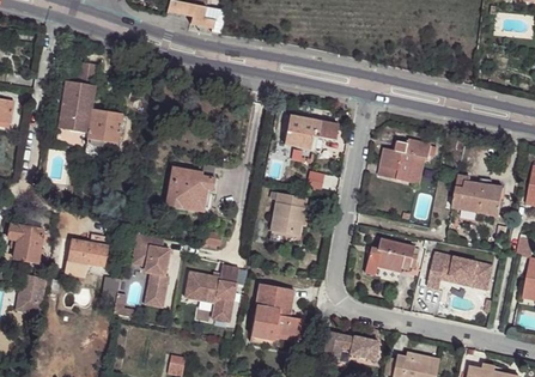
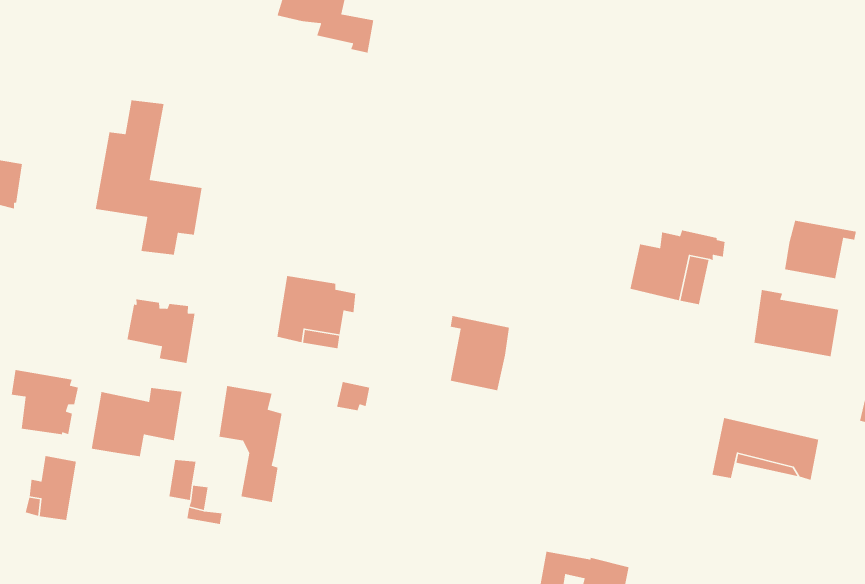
building: [281,114,339,147] -> none
building: none -> [784,220,857,279]
building: none -> [126,298,195,364]
building: [365,238,418,274] -> none
building: [184,264,239,321] -> none
building: [251,282,302,340] -> none

